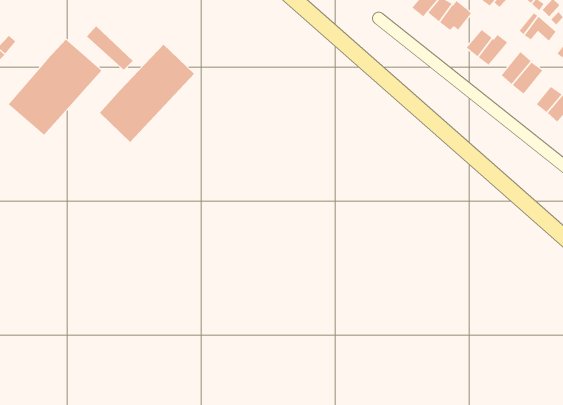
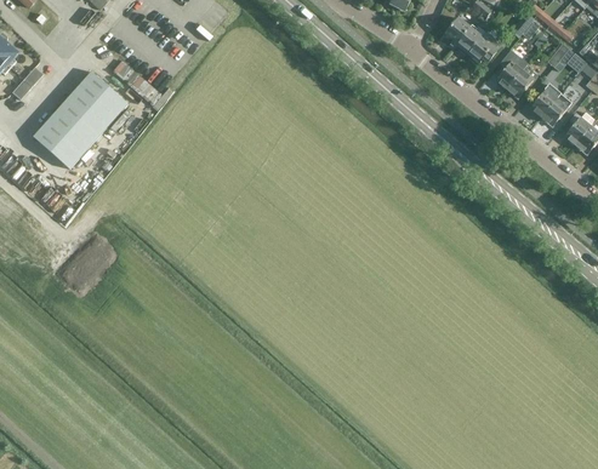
building: [99,44,195,143] -> none

